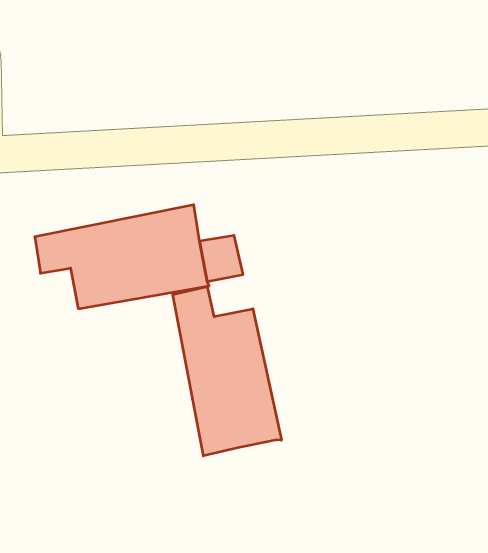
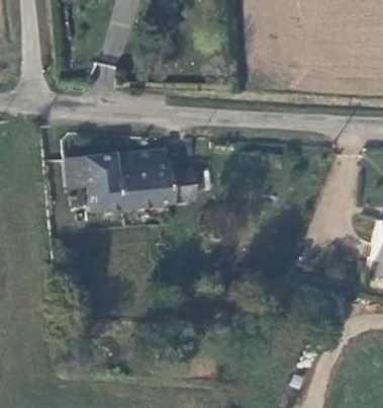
building: [173,286,281,456] -> none

